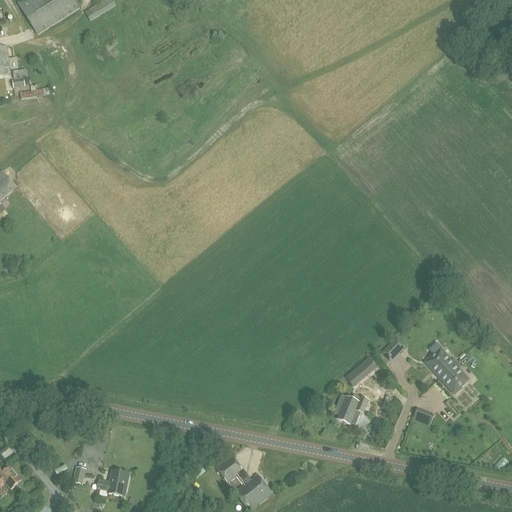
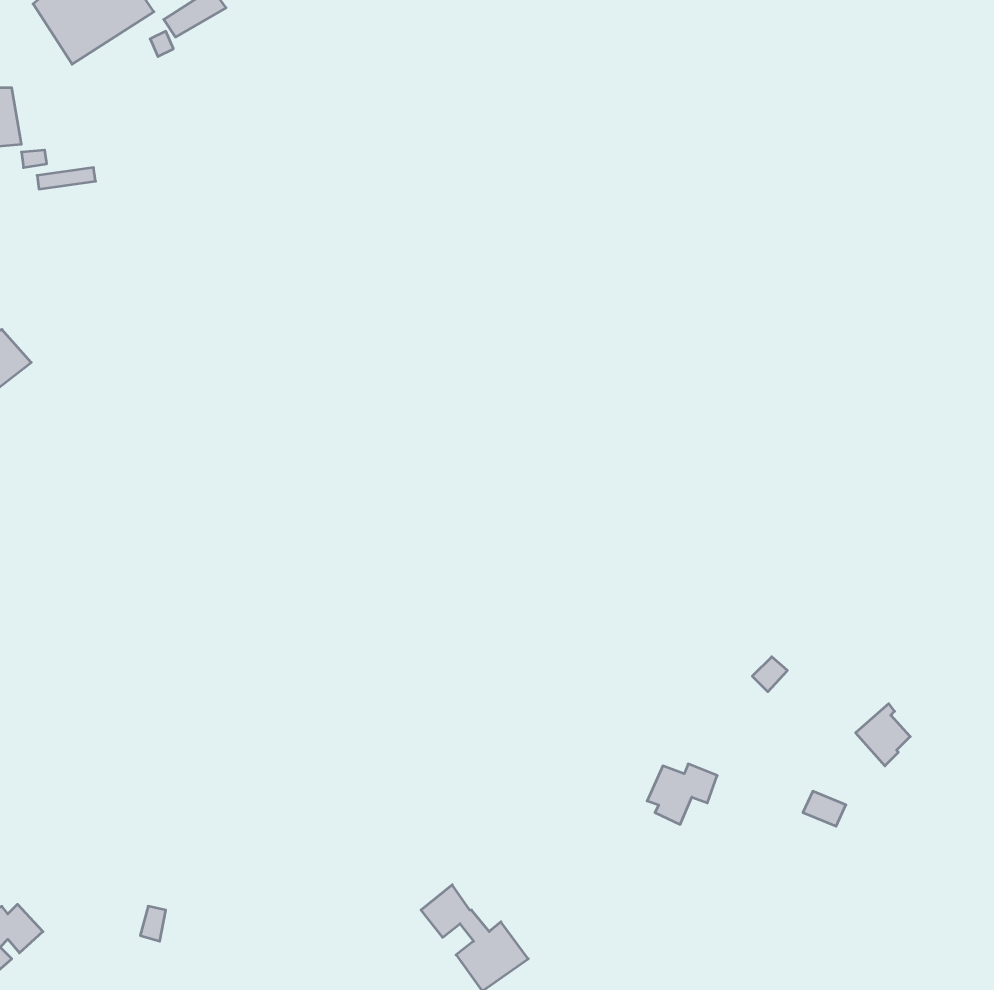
building: [424,348,456,376] -> none
building: [344,356,376,386] -> none
building: [96,469,124,494] -> none

